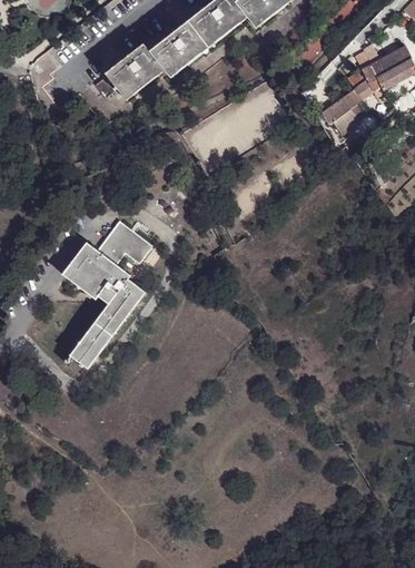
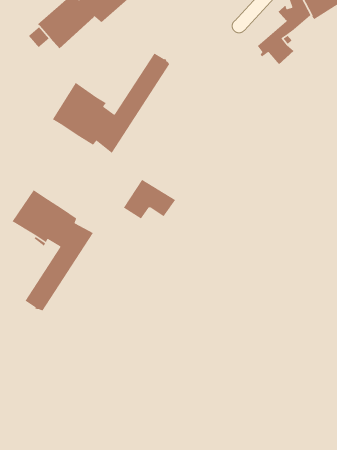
building: none -> [52,52,170,154]
building: [97,222,151,263] -> [123,179,176,220]

